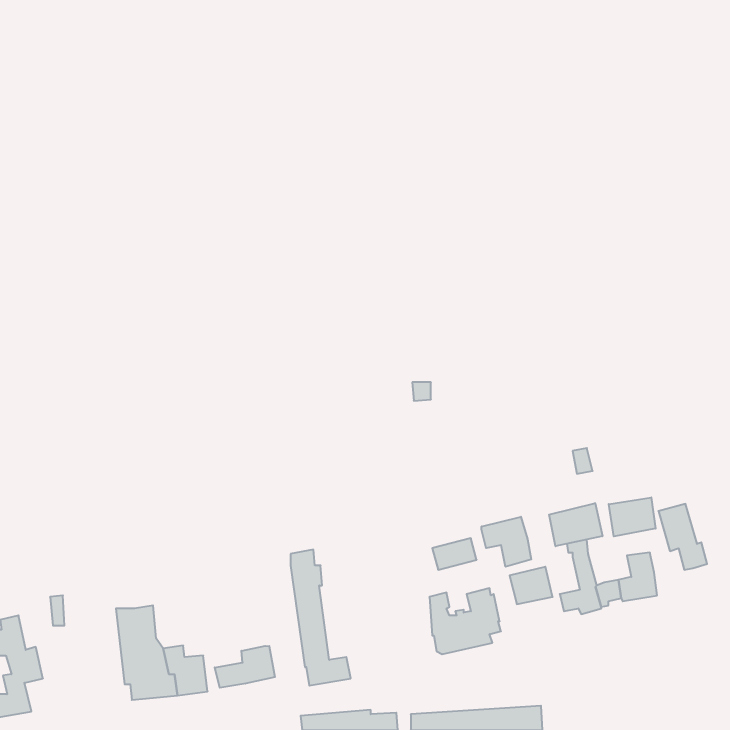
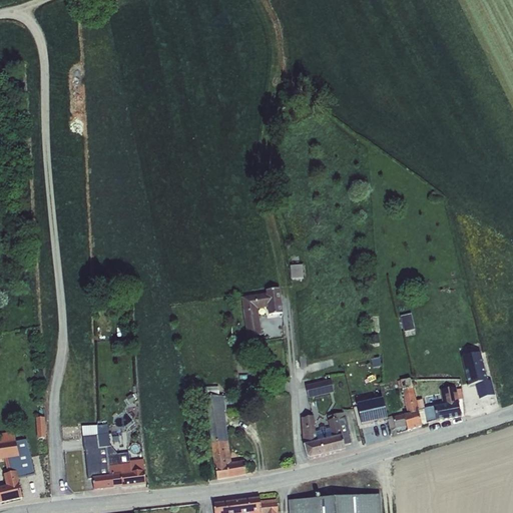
building: none -> [240,289,283,336]
building: [609,497,656,536] -> none
building: [549,503,602,546] -> none
building: [481,517,531,567] -> none
building: [215,646,275,688] -> none

